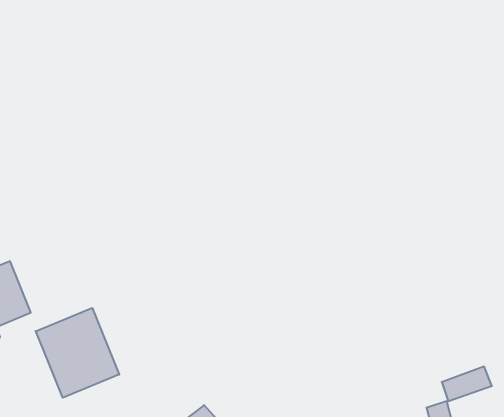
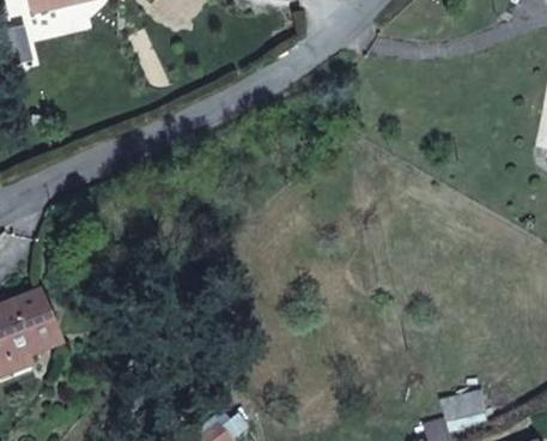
building: [36,308,119,398] -> none

